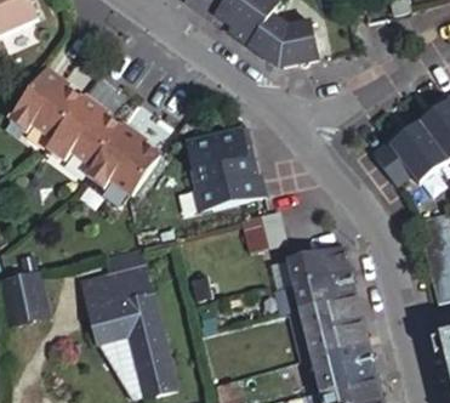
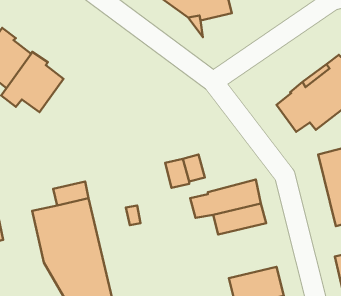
building: [87,125,160,195] -> none
building: [186,130,267,212] -> none
building: [302,297,370,362] -> none

